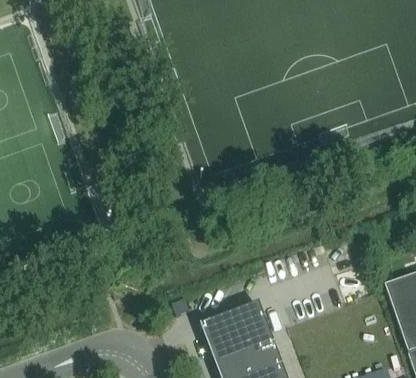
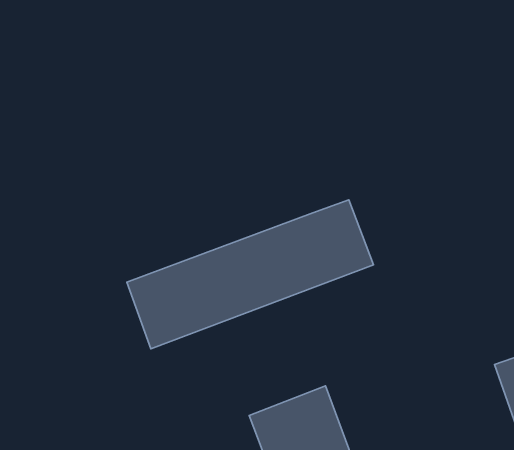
building: none -> [127,200,373,349]

